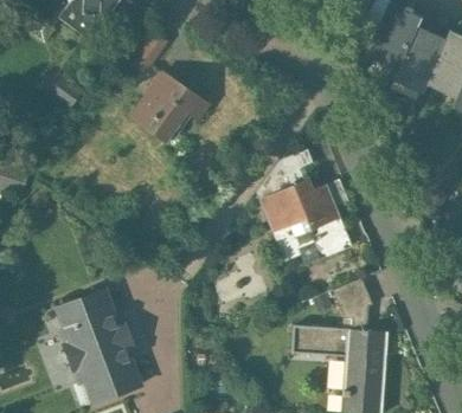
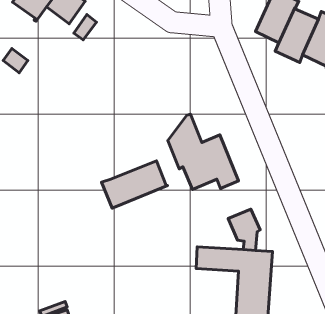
building: [130,72,197,142] -> none
building: none -> [101,161,167,208]
building: [58,290,139,399] -> none

